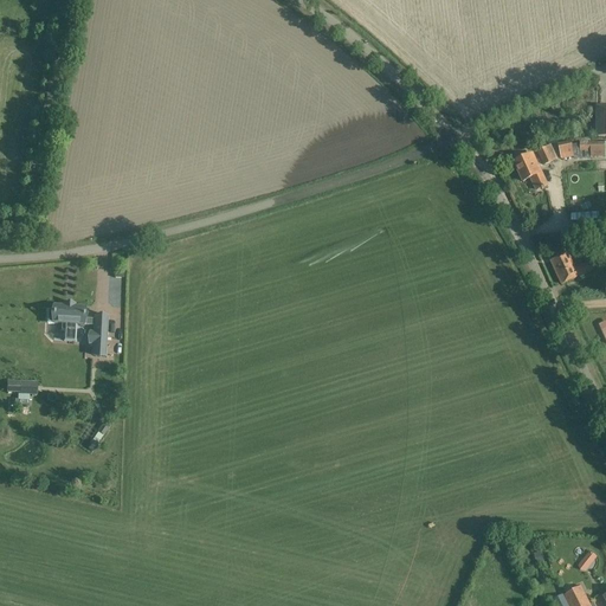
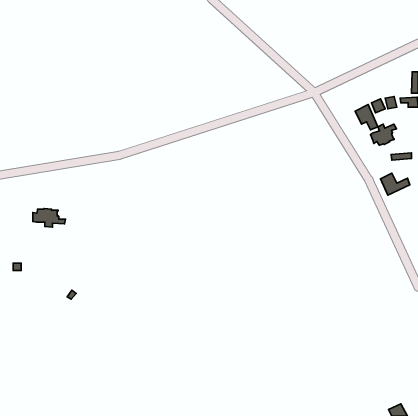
building: none -> [370,124,396,145]
building: [89,315,108,354] -> none

